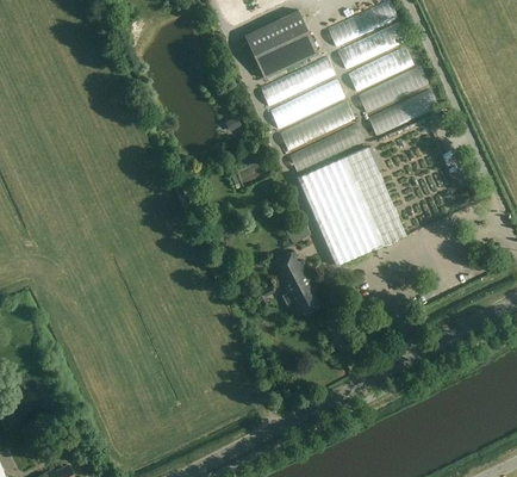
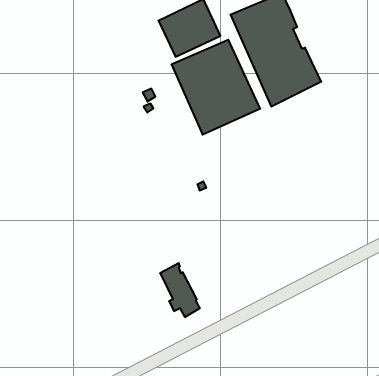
building: [298,145,406,265] -> none
building: [272,250,319,315] -> [160,263,200,317]

